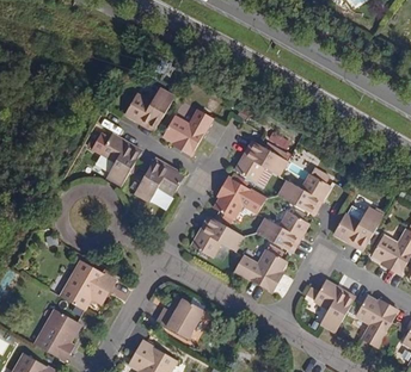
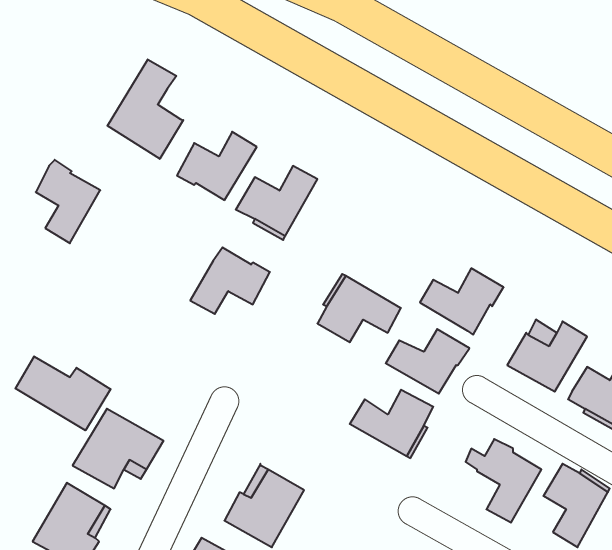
building: none -> [107,59,183,159]
building: [99,132,140,185] -> [36,160,100,243]
building: [234,141,287,181] -> none
building: [191,216,244,256] -> none
building: none -> [15,356,111,430]

